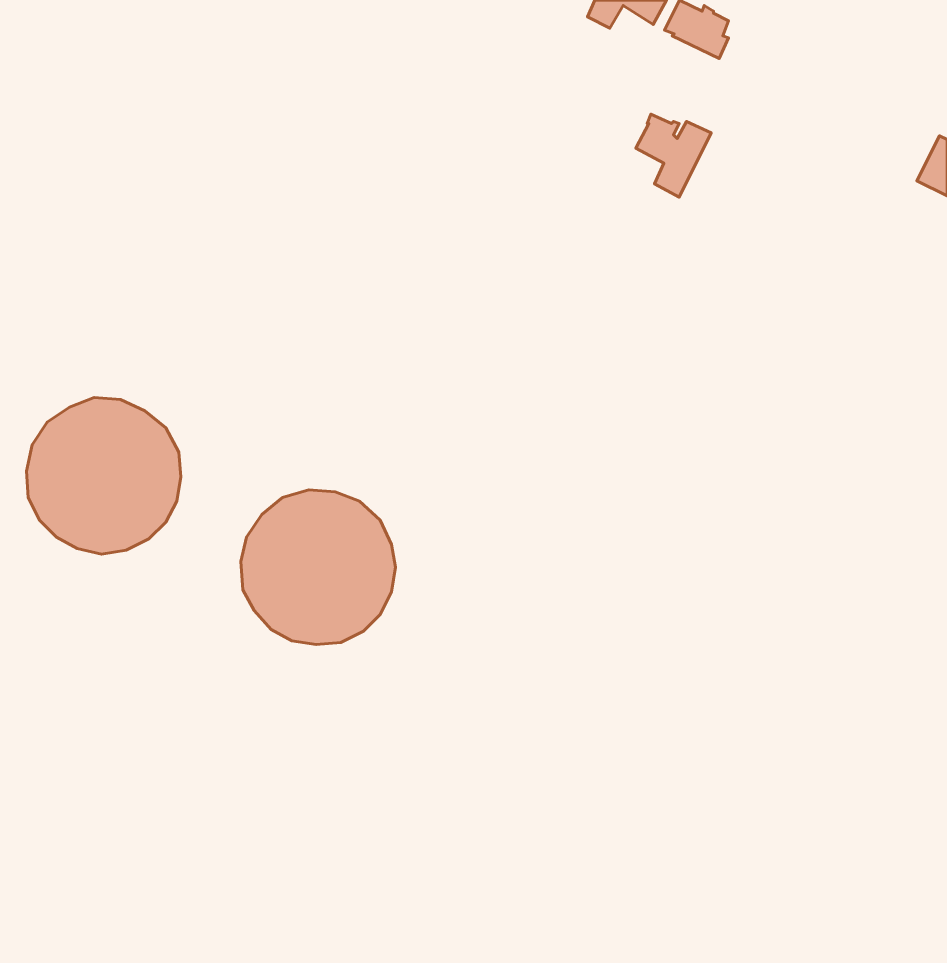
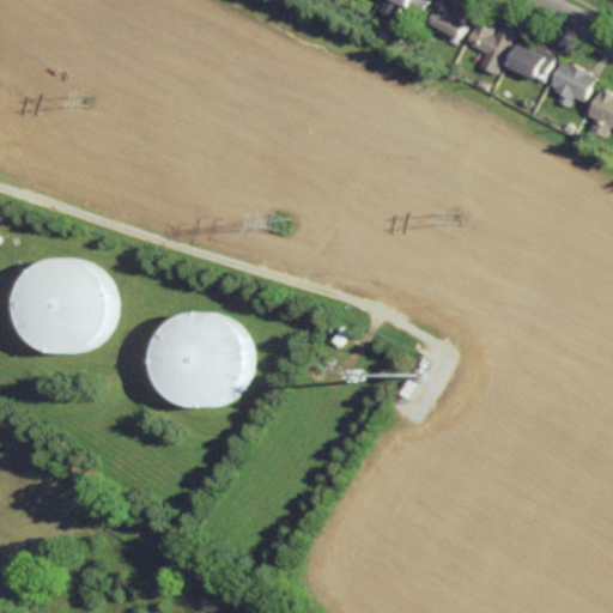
building: none -> [505,40,552,83]
building: none -> [545,61,591,107]
building: [636,114,711,197] -> [463,22,511,74]

